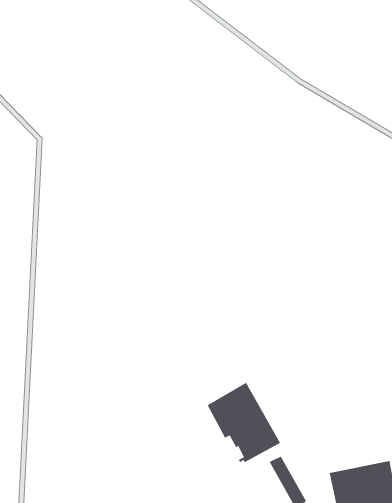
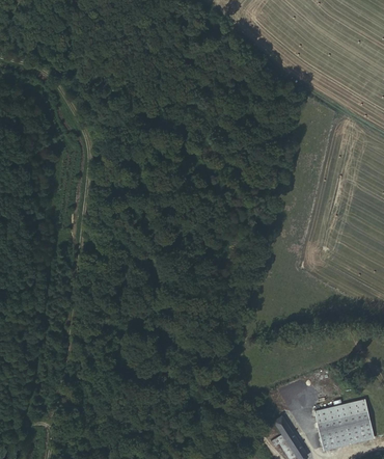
building: [207,382,281,463] -> none

